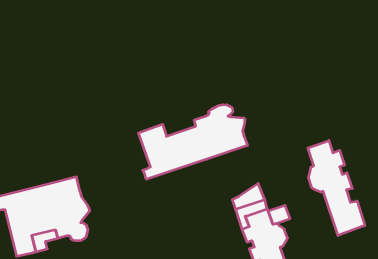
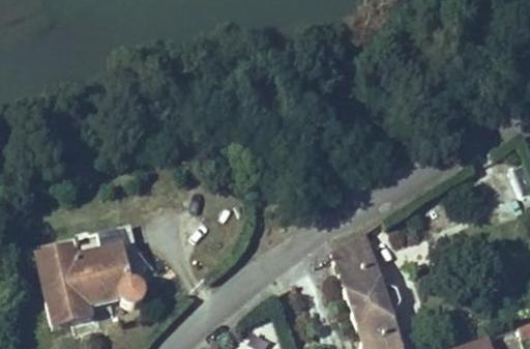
building: [138,105,247,179] -> none
building: [308,140,365,236] -> none

